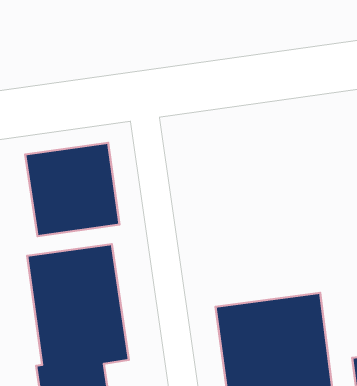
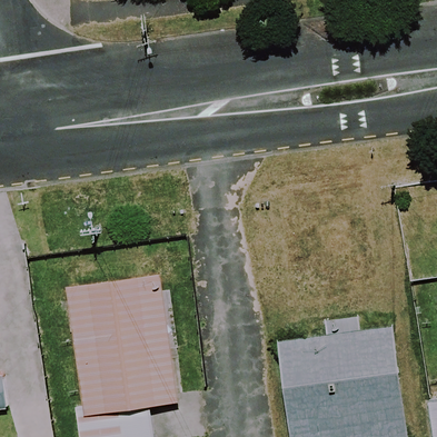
building: [25,143,119,236] -> none

